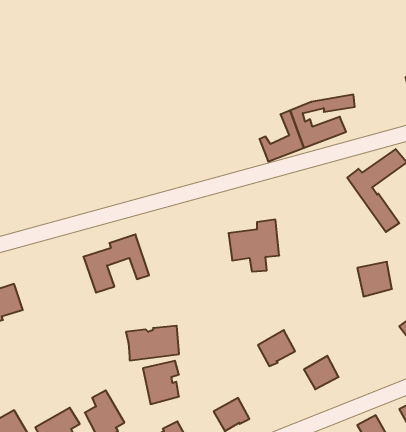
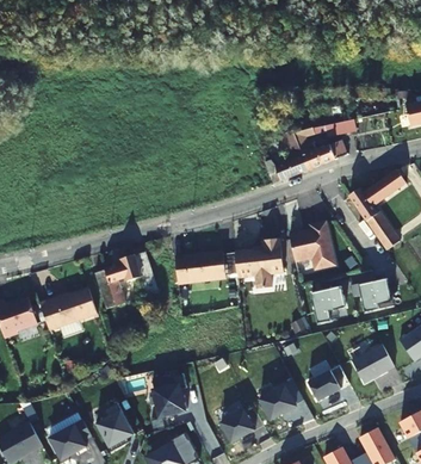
building: none -> [289,222,334,268]
building: none -> [310,285,345,322]
building: none -> [37,289,94,330]
building: [126,326,179,360] -> [174,252,225,285]
building: none -> [351,344,394,382]
building: [258,330,295,366] -> [259,384,295,419]

